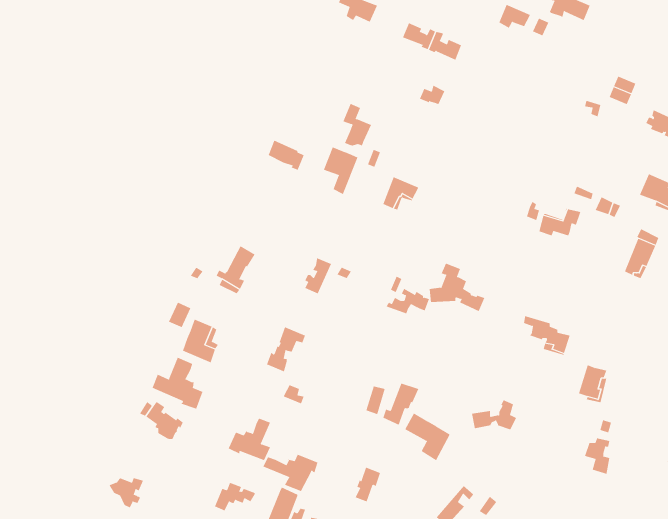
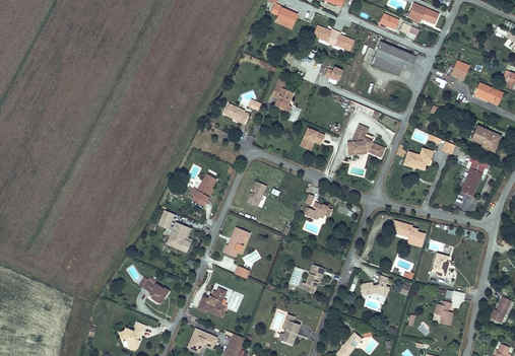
building: none -> [372,42,416,75]
building: [323,146,358,195] -> none
building: [429,263,485,312] -> [347,125,385,157]
building: [152,357,203,409] -> none
building: [405,413,451,461] -> none
building: [263,454,318,492] -> none

